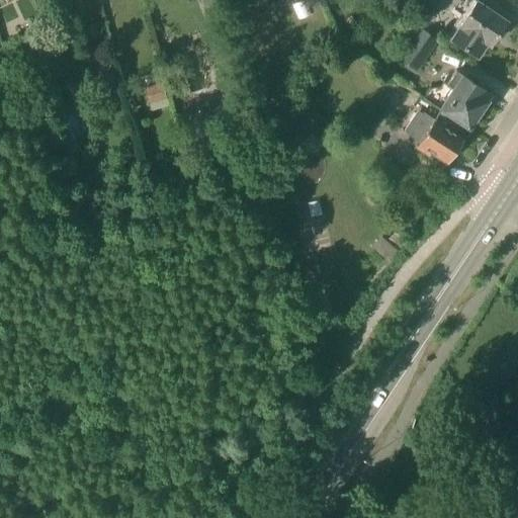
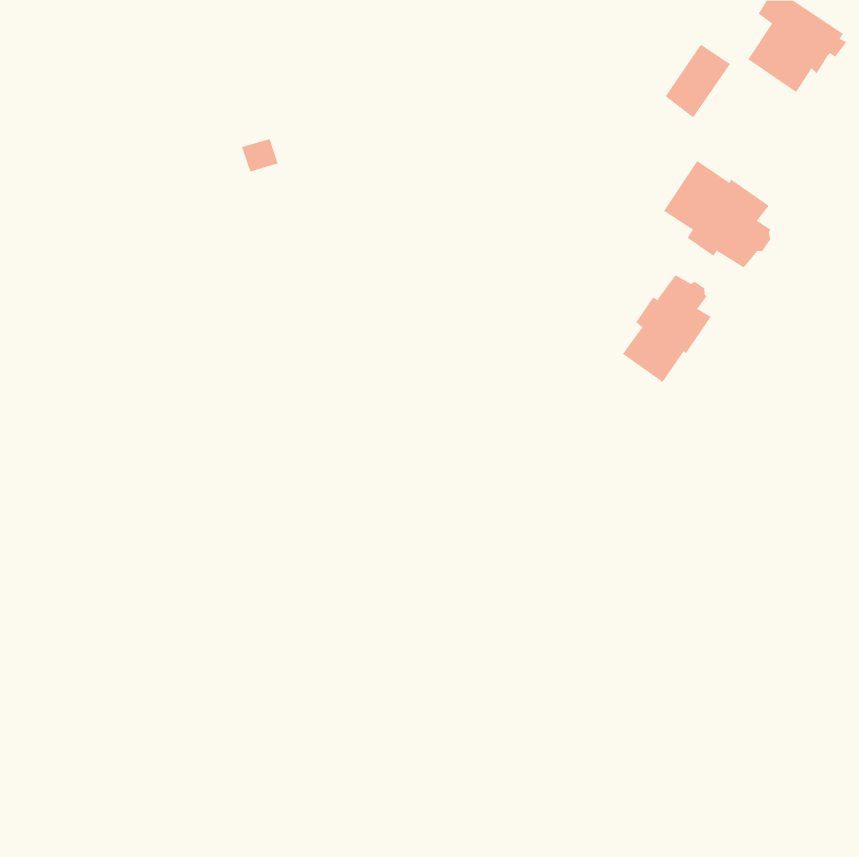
building: [426,73,493,132] -> none
building: none -> [622,275,712,383]

